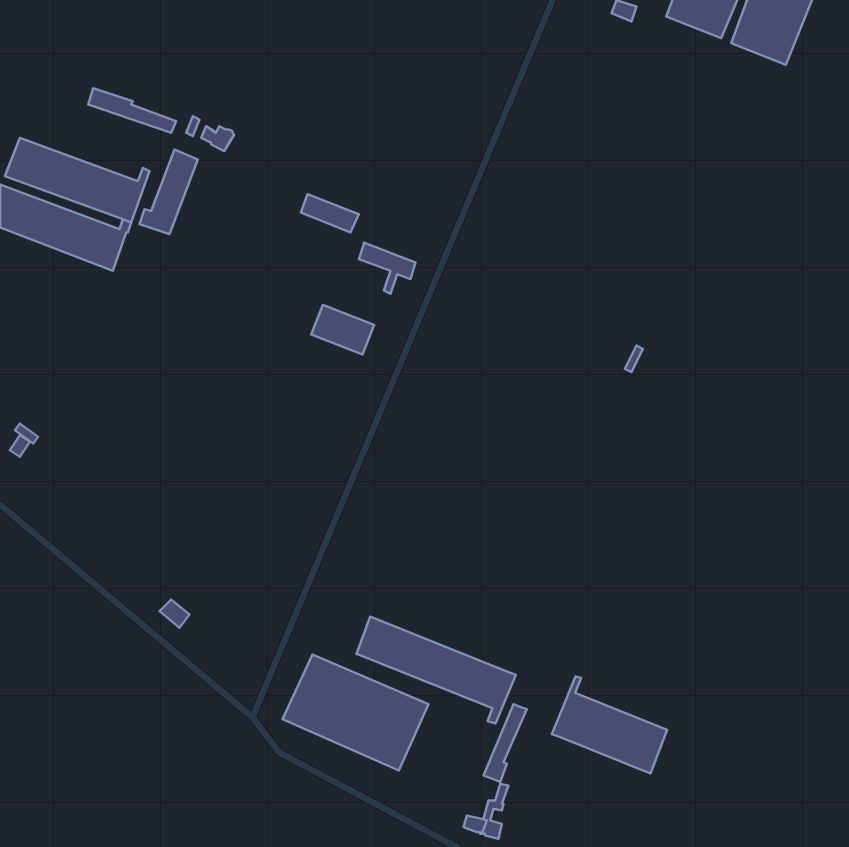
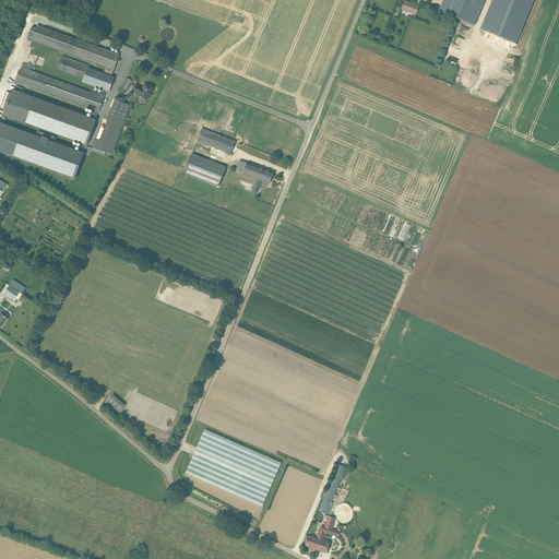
building: none -> [27,24,120,75]
building: none -> [14,61,105,112]
building: [311,305,374,355] -> [185,153,226,186]
building: [356,617,516,723] -> none
building: [552,677,667,774] -> none

